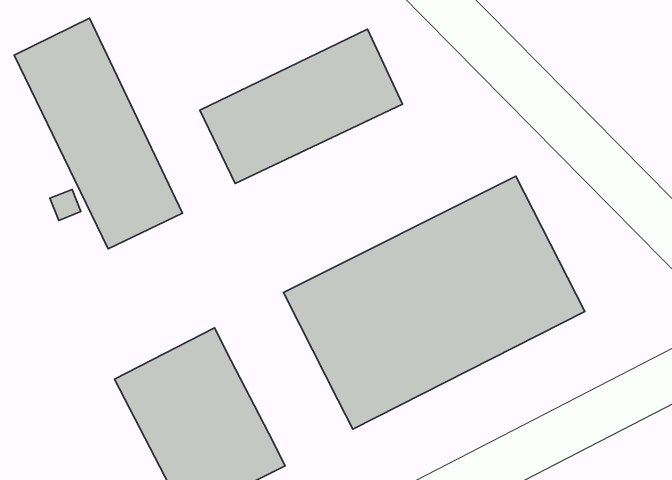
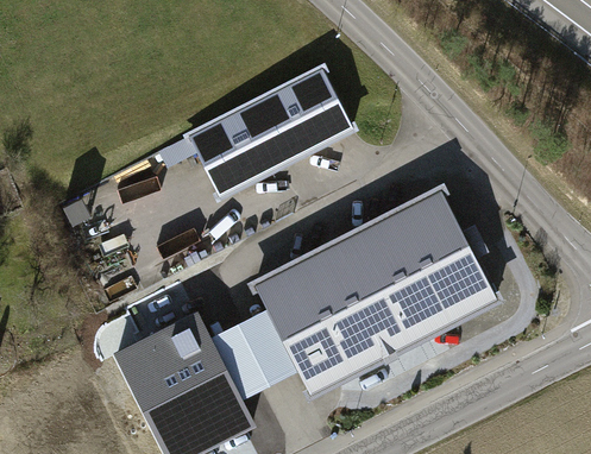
building: [14,18,183,249] -> none
building: none -> [209,309,296,397]

